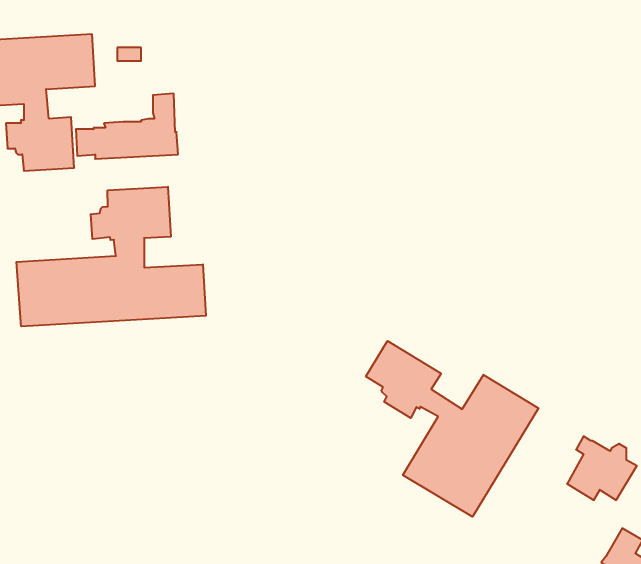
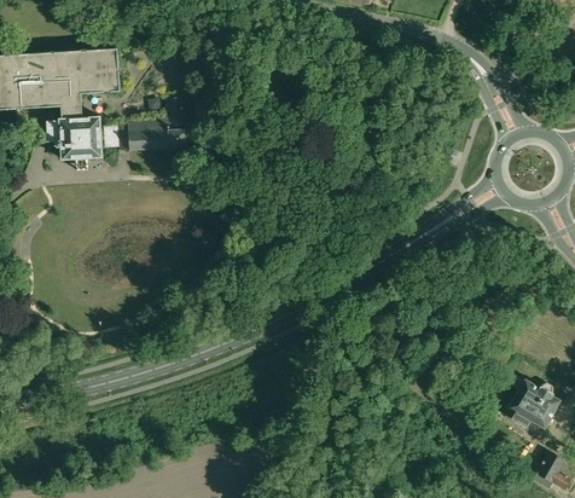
building: [16,187,206,326] -> none
building: [366,341,538,517] -> none

